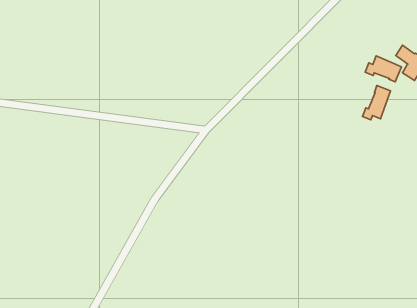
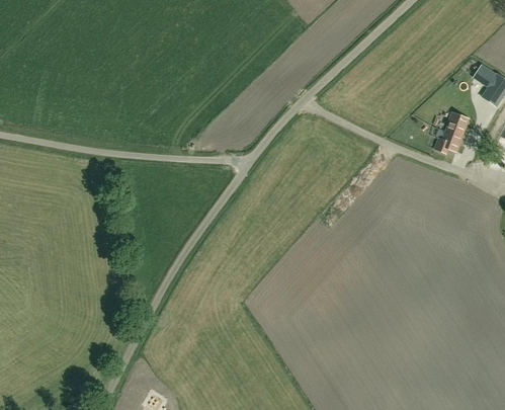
building: [365,56,401,82] -> none

